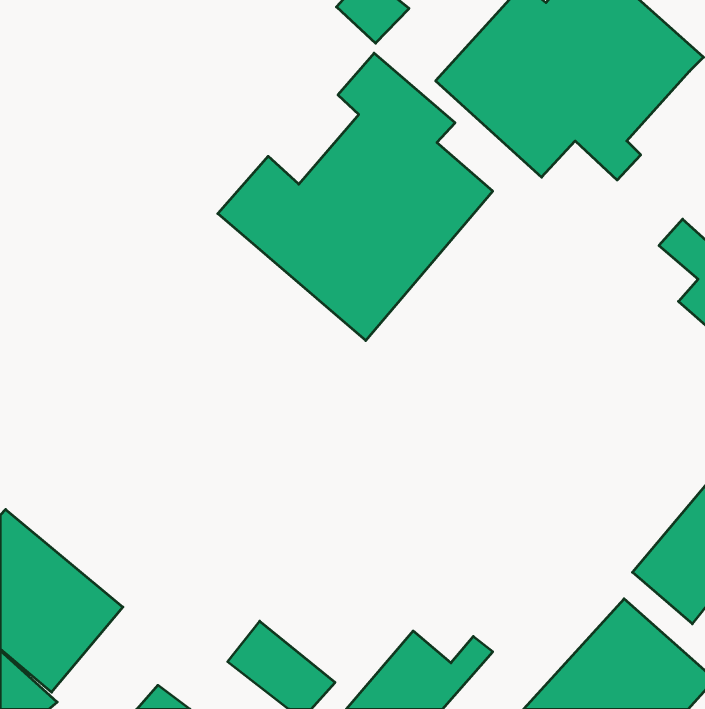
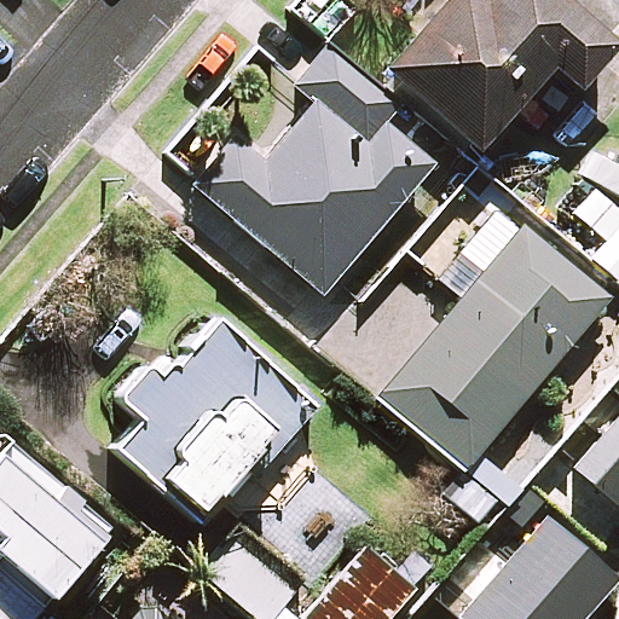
building: none -> [381,204,613,469]
building: none -> [122,323,316,517]

